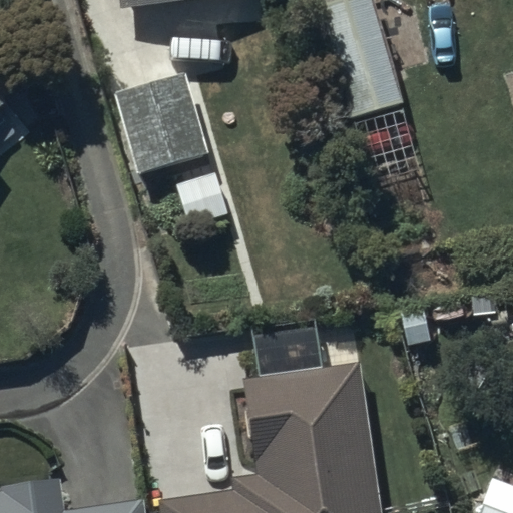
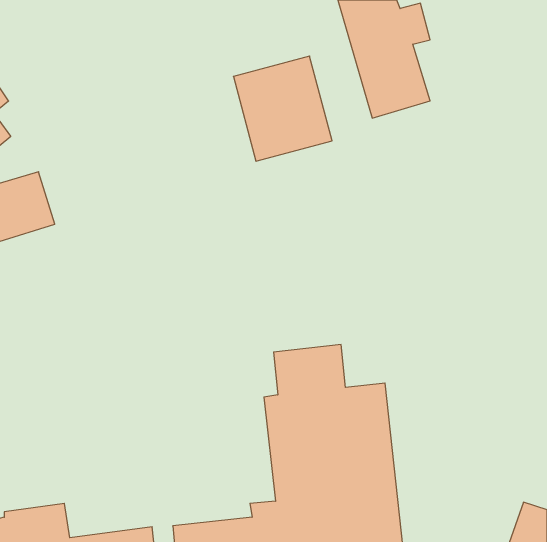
building: [117,85,209,183] -> [233,56,332,161]

